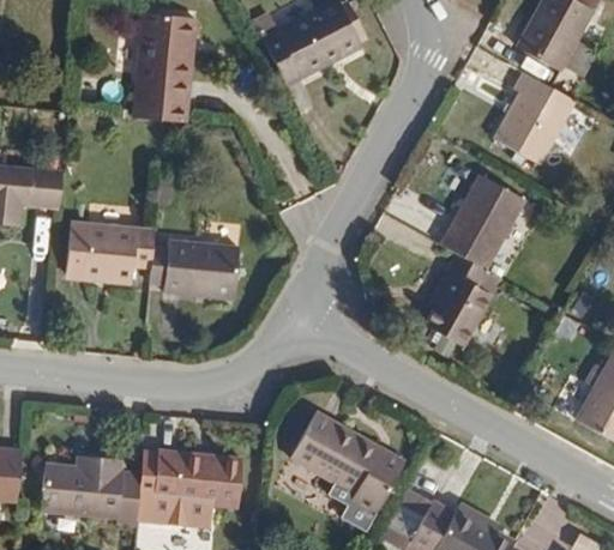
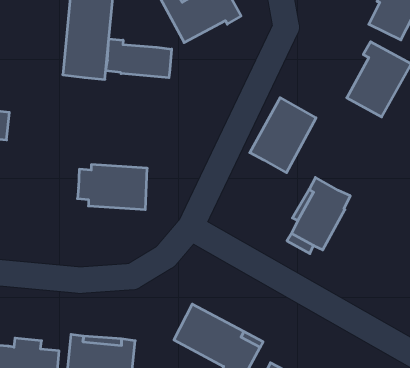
building: none -> [106,39,172,78]
building: [443,170,529,268] -> [250,98,316,173]
building: [79,222,152,279] -> none

